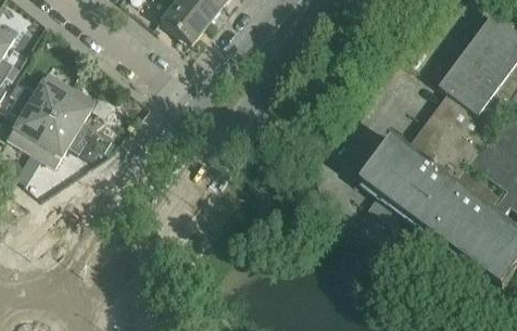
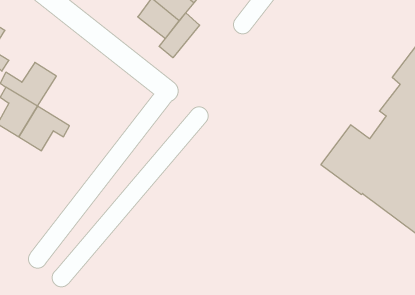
building: none -> [159,13,200,58]
building: [50,86,94,140] -> none

